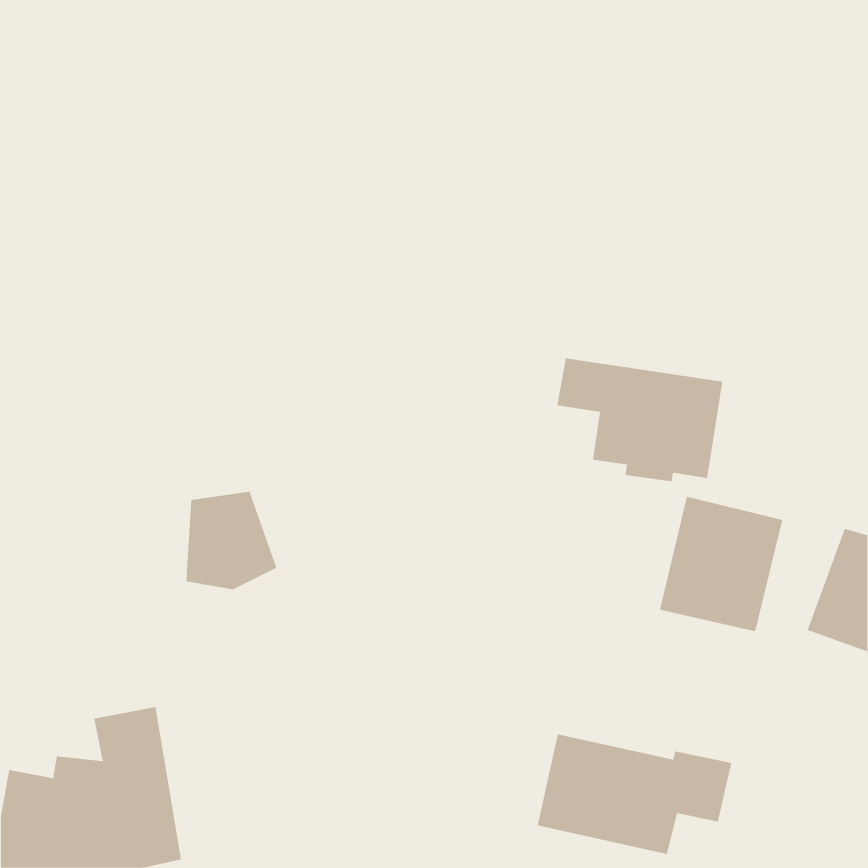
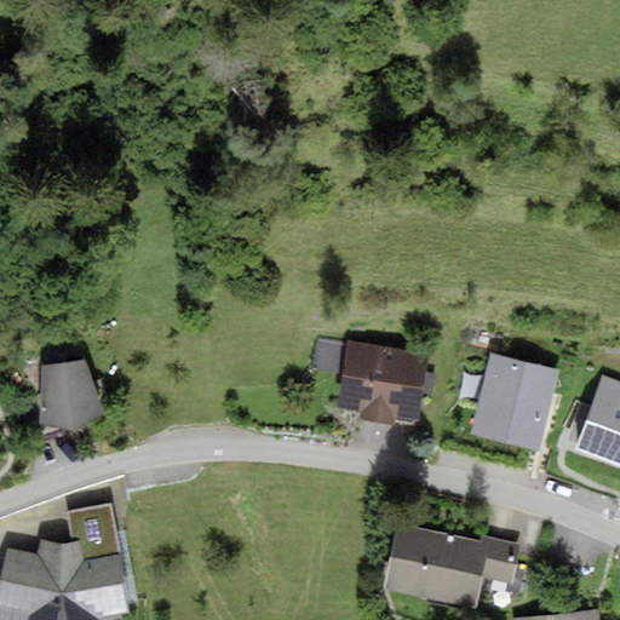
building: [557,358,723,482] -> [311,335,430,424]
building: [186,491,277,590] -> [39,360,104,430]

